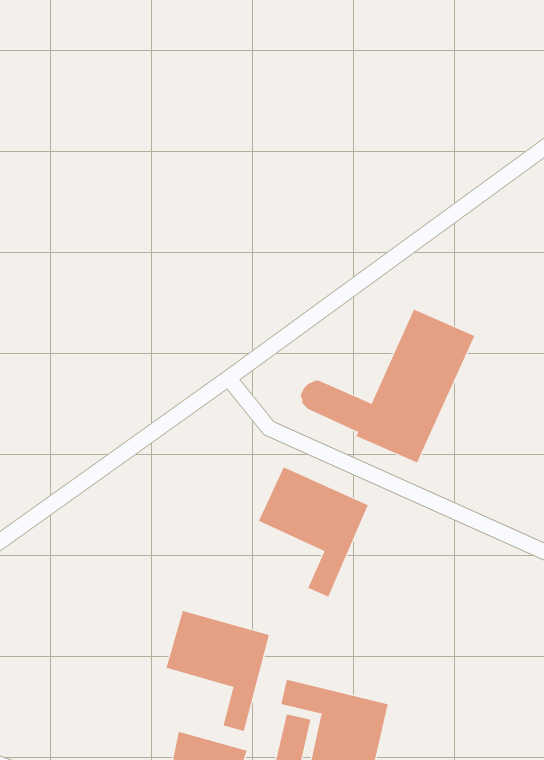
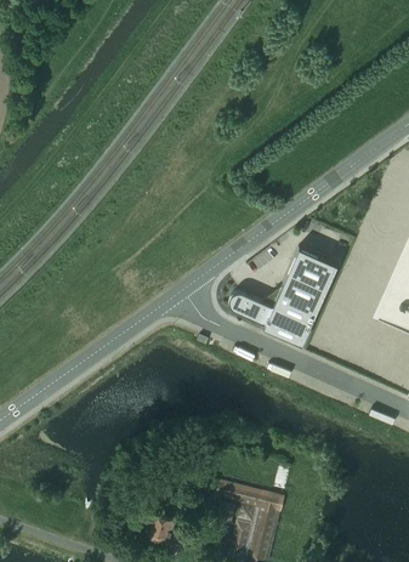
building: [258,466,369,597] -> none
building: [166,610,269,732] -> none

